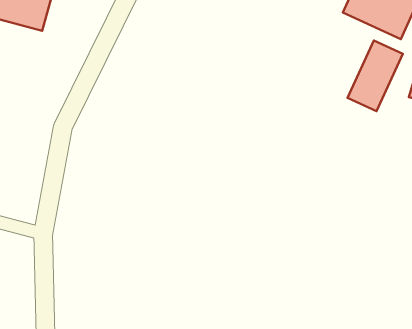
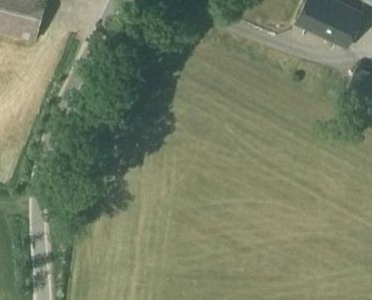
building: [348,40,403,111] -> none

